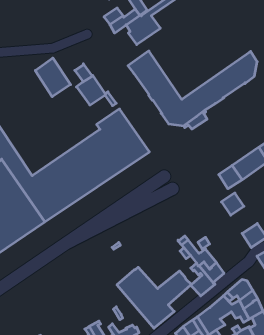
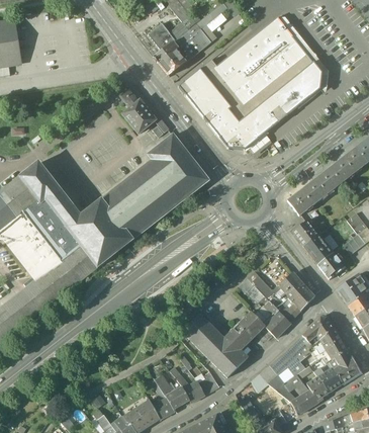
building: none -> [200,16,312,119]
building: none -> [154,40,186,76]
building: [35,58,71,97] -> none
building: none -> [303,233,334,264]
building: none -> [278,274,313,310]

